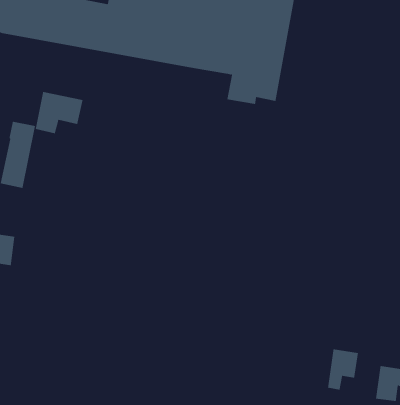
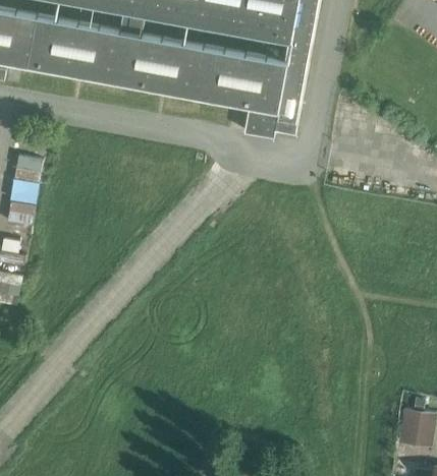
building: [35,91,83,134] -> none
building: [327,349,358,391] -> none

